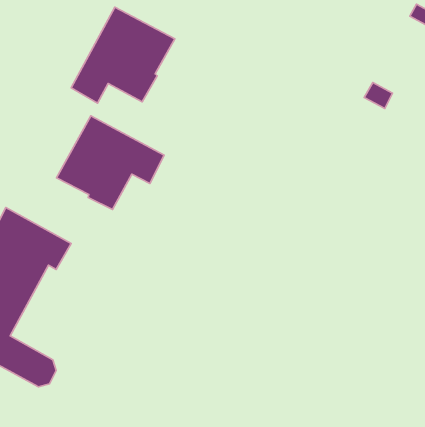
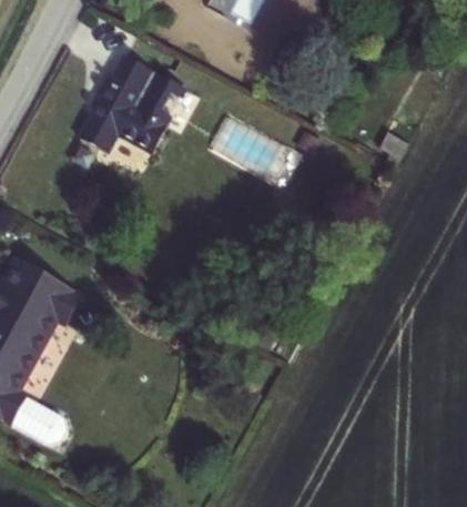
building: [57,116,164,210] -> none

